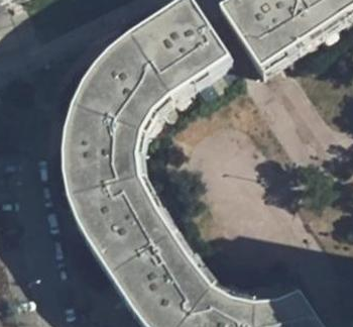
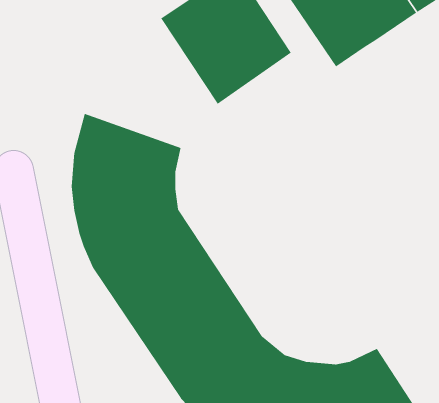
building: [73,32,173,130] -> none

